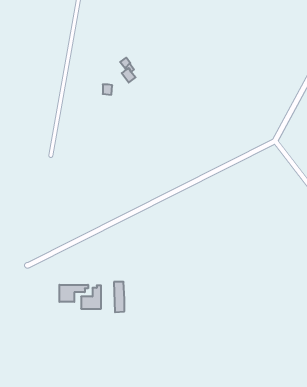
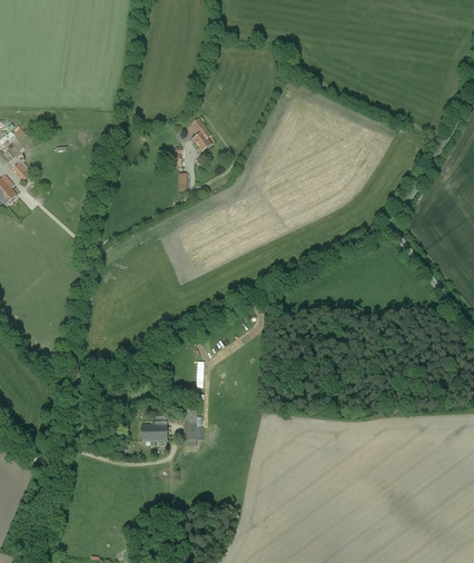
building: [59,285,88,302] -> none

